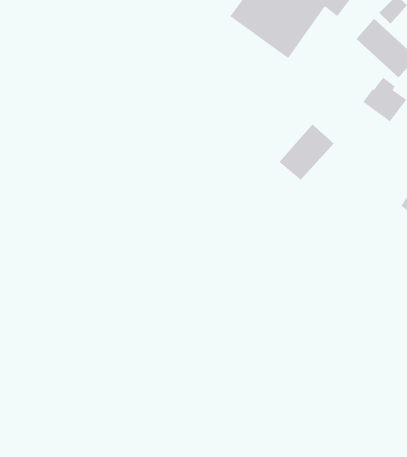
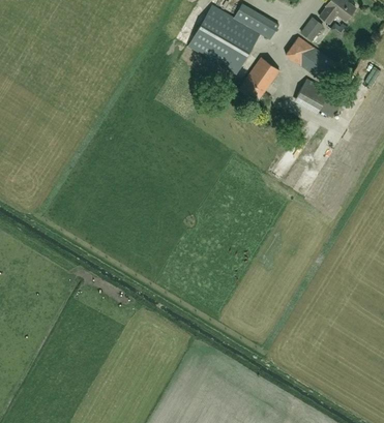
building: [278,124,334,181] -> [238,57,279,101]

